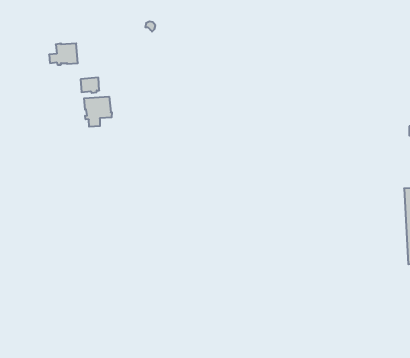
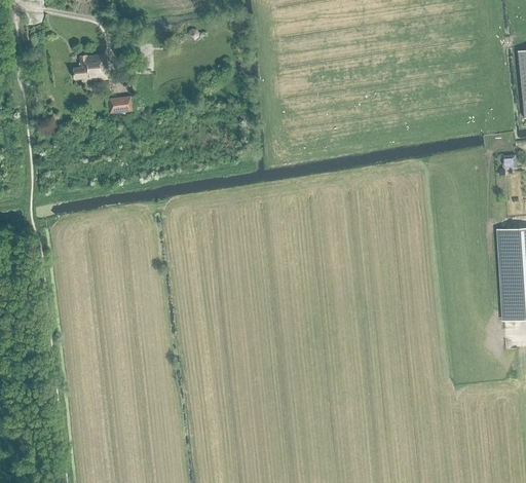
building: [84,97,112,127] -> none

